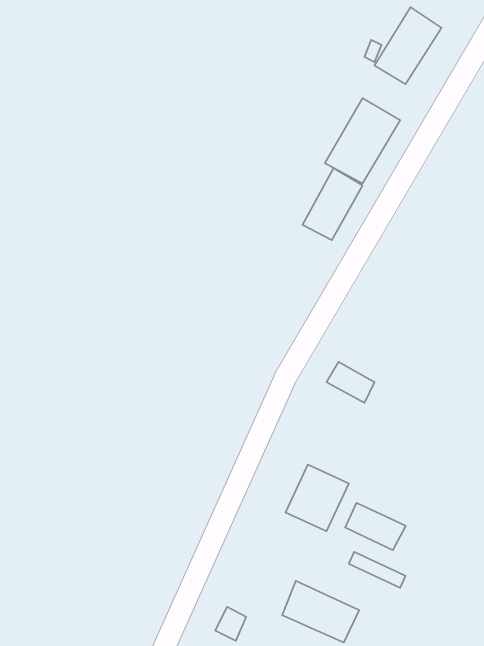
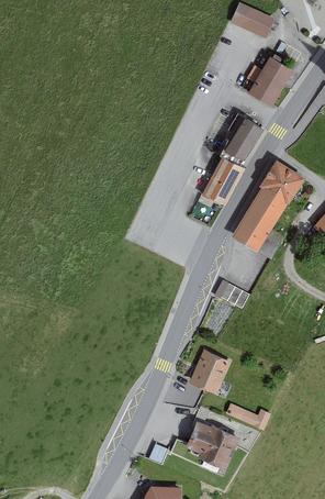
building: none -> [231,165,300,251]
building: [345,503,406,550] -> none

